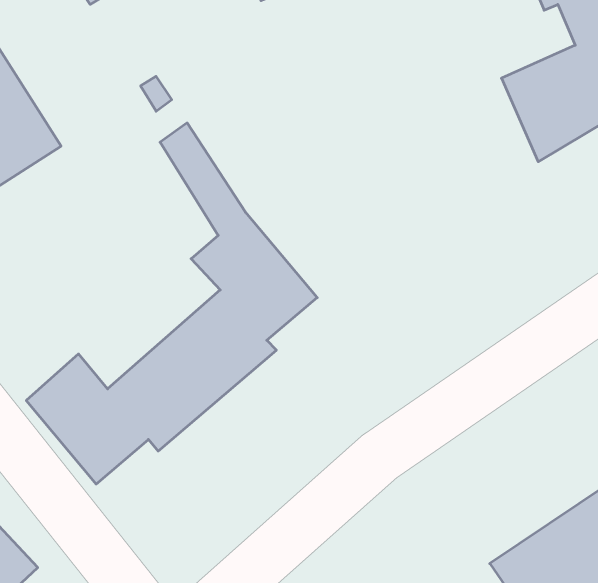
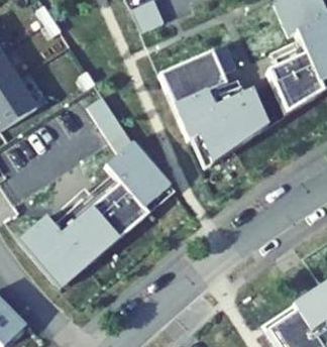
building: none -> [159,43,267,164]

